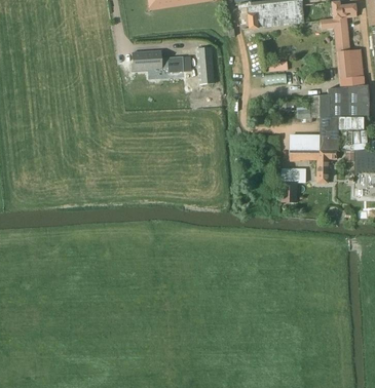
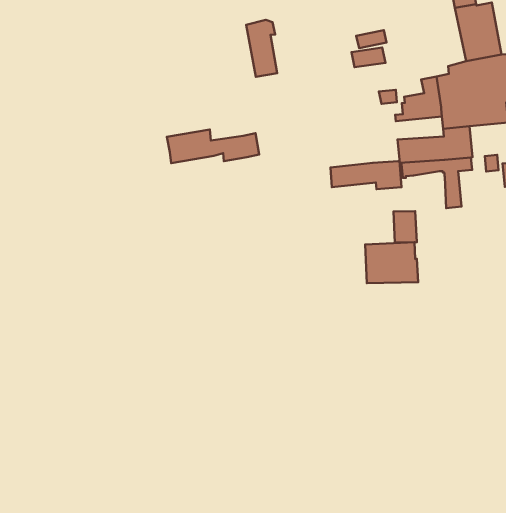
building: [133,50,192,72] -> [167,130,259,163]
building: none -> [330,161,402,189]
building: none -> [365,242,418,283]

